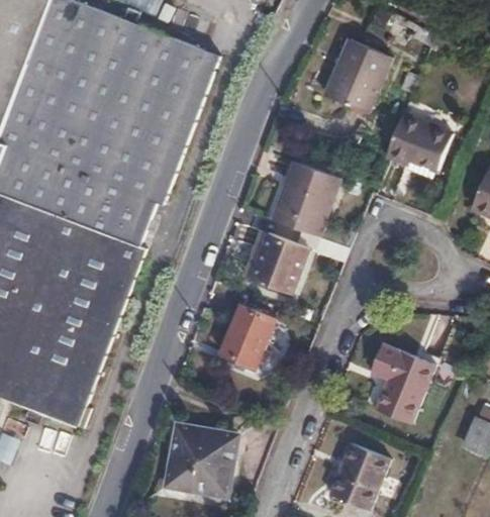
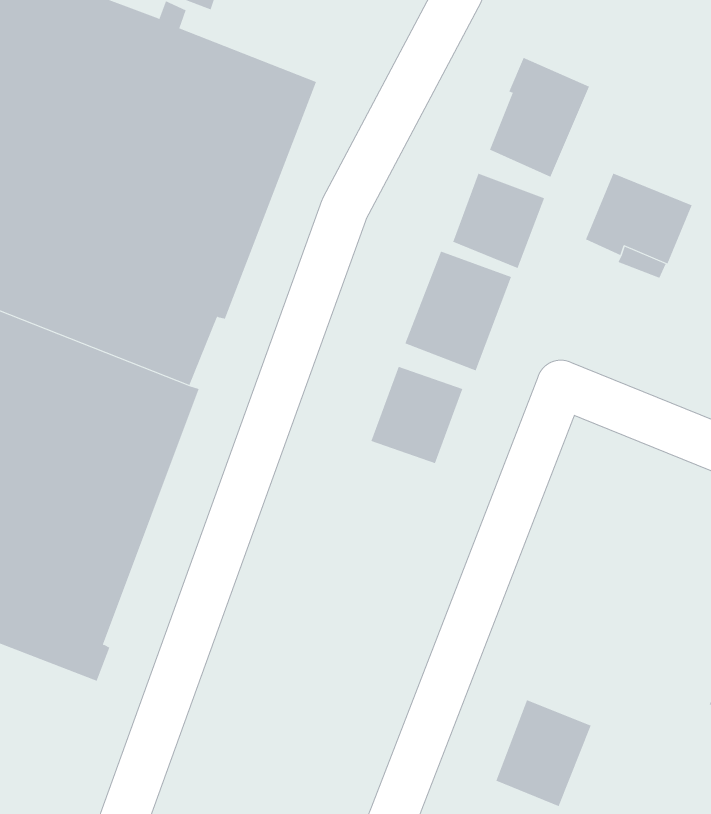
building: none -> [452,173,545,269]
building: [222,304,275,366] -> none
building: [368,339,434,421] -> none
building: [167,428,238,496] -> none

